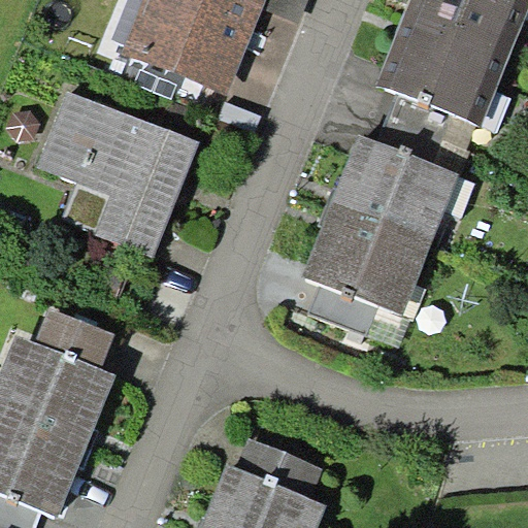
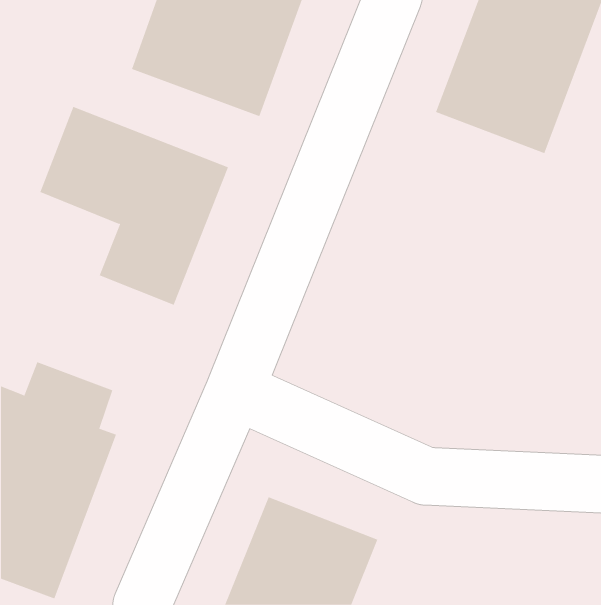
building: [299,136,453,316] -> none

